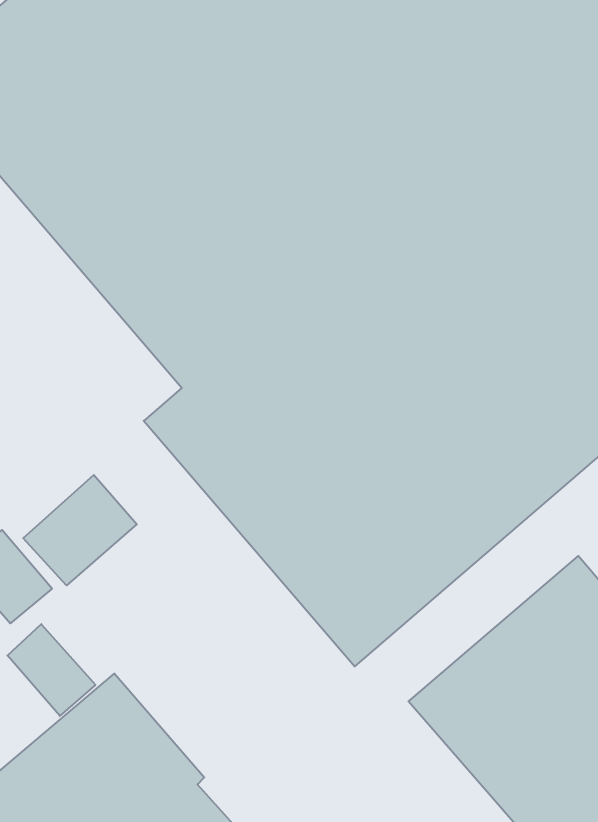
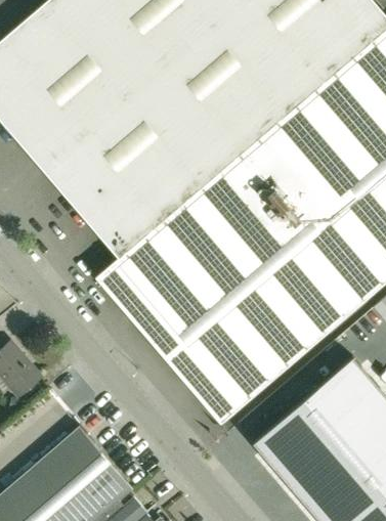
building: [23,475,137,585] -> none
building: [7,624,95,716] -> none

